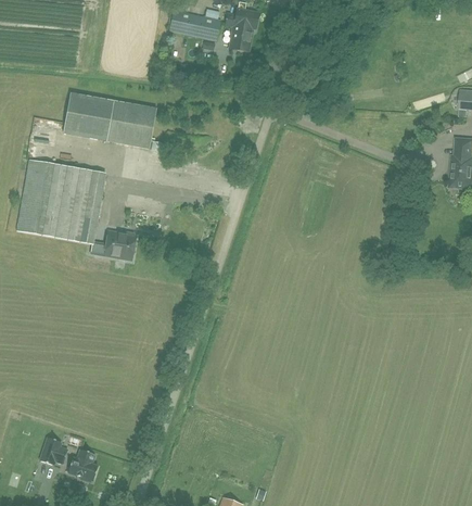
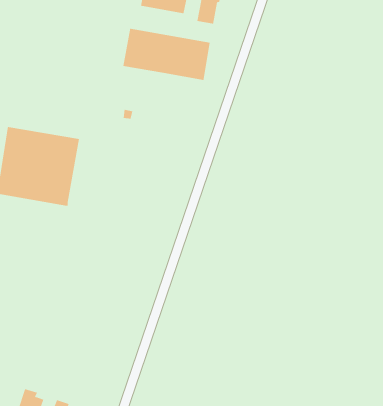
building: [63,92,156,148] -> [122,28,210,80]
building: [91,230,137,258] -> none

